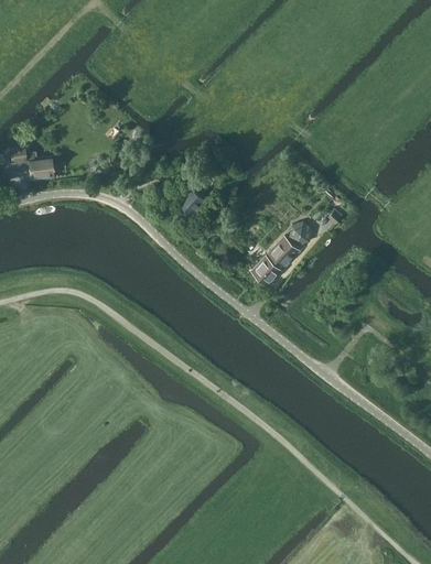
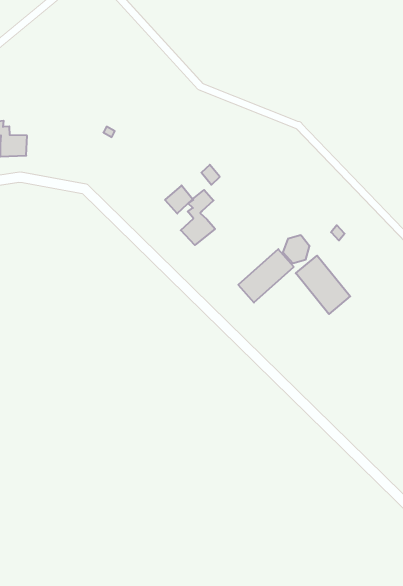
building: none -> [181,190,215,245]
building: none -> [296,256,350,314]

